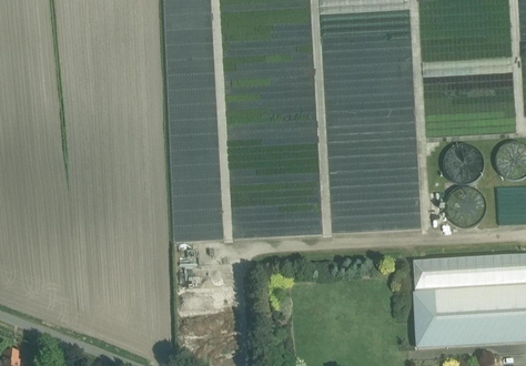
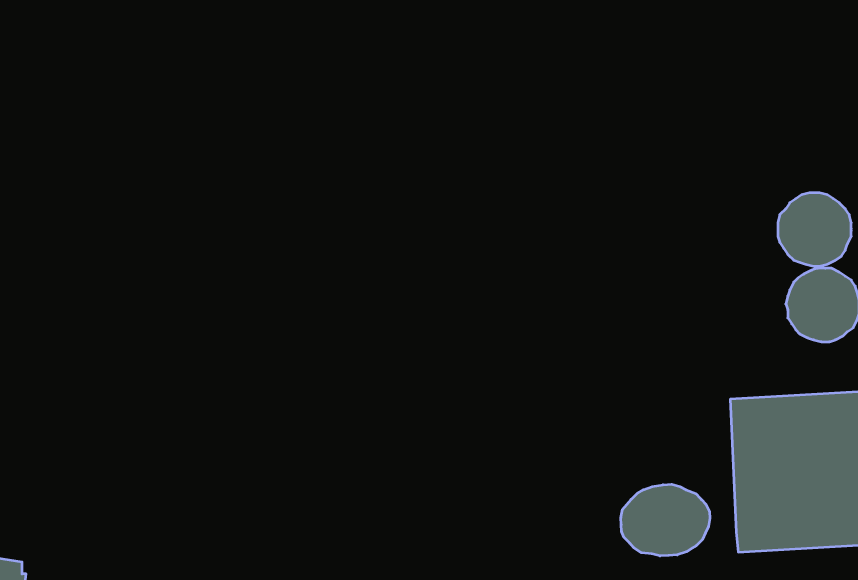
building: none -> [621,484,710,556]

